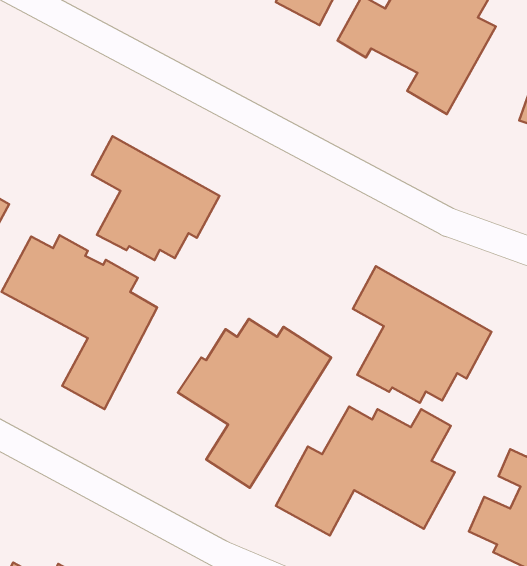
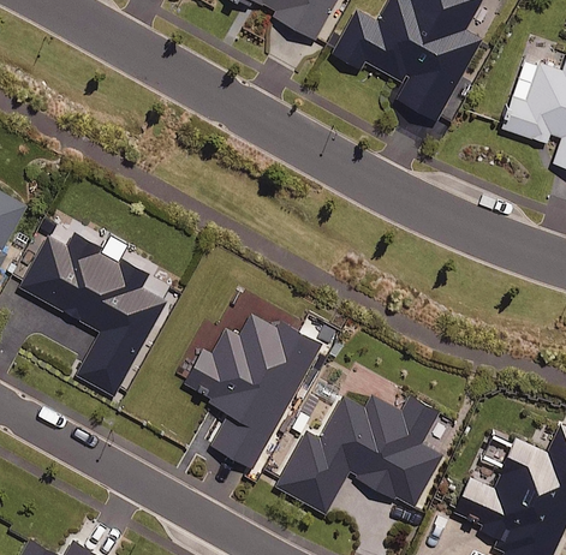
building: [92,136,219,260] -> none
building: [353,266,492,403] -> none

